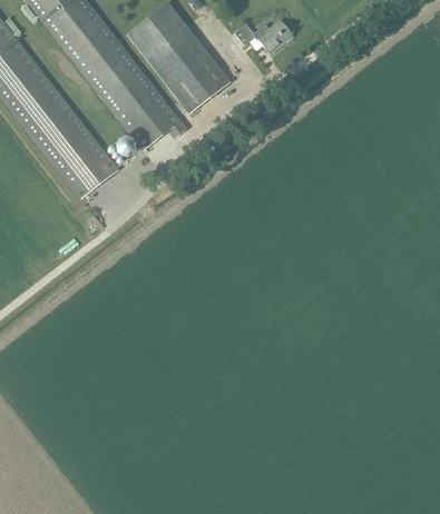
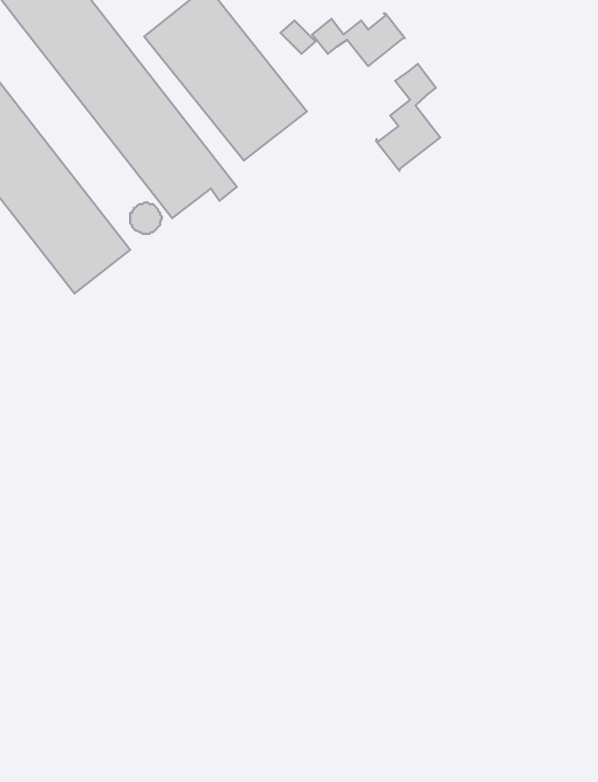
building: none -> [376,64,440,171]

